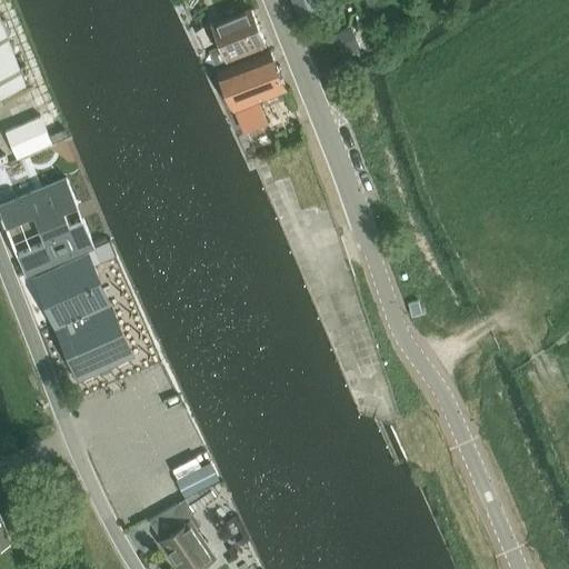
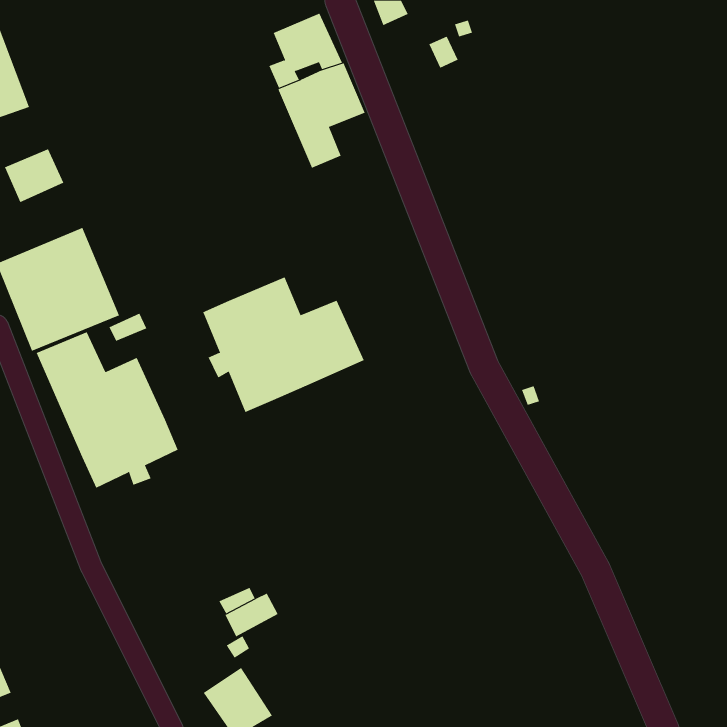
building: none -> [203,277,365,413]

